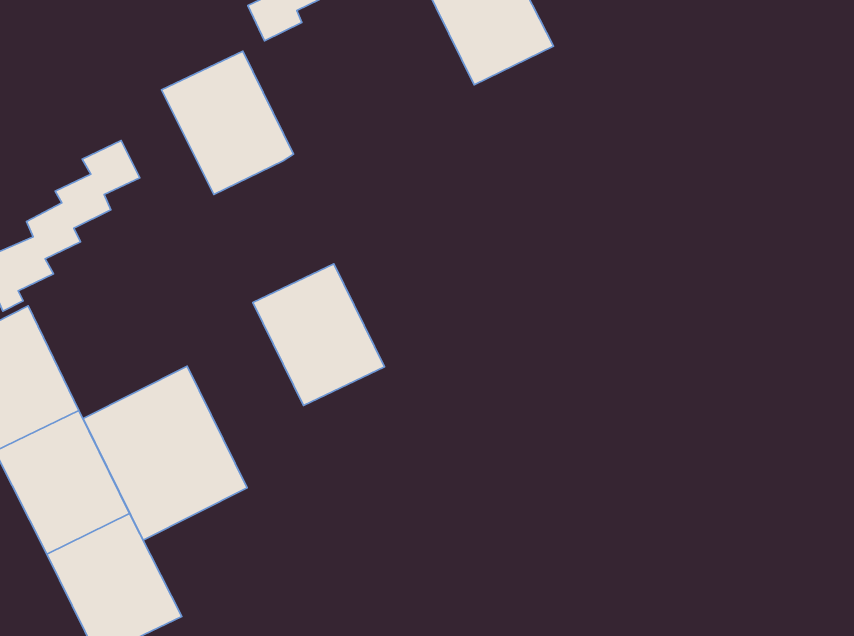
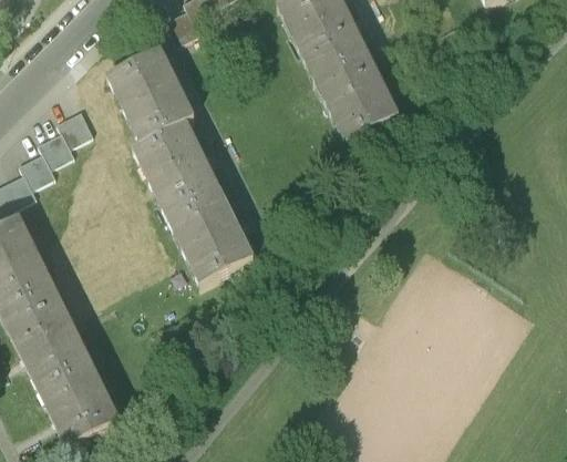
building: none -> [311,43,396,136]
building: none -> [132,119,219,212]
building: [83,366,247,540] -> none

